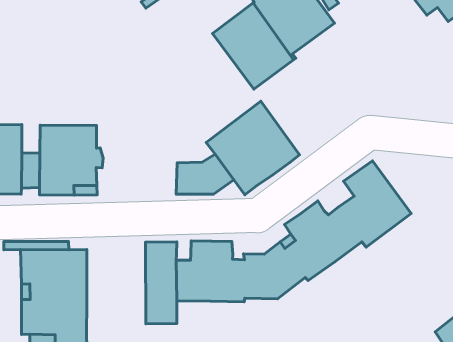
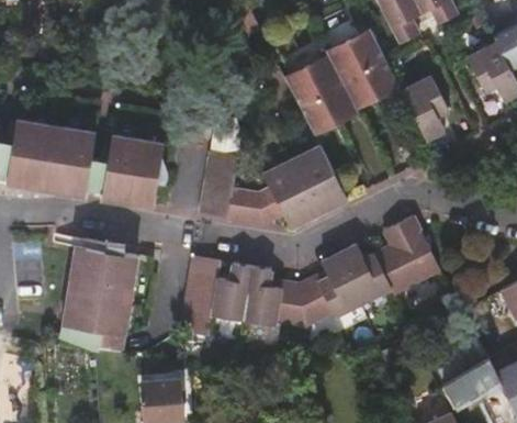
building: none -> [401,76,448,140]
building: none -> [200,151,237,219]

